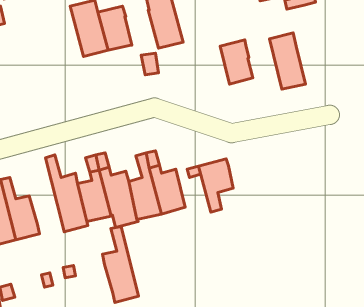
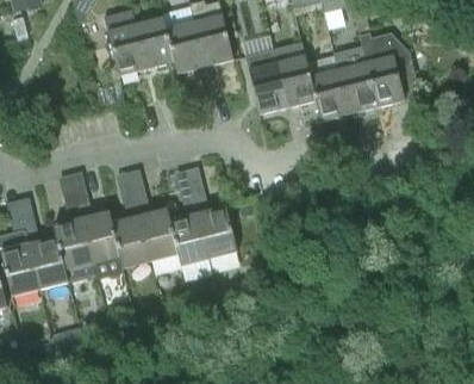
building: none -> [166,21,205,73]
building: none -> [357,33,414,107]
building: none -> [244,49,287,114]
building: none -> [306,55,348,120]
building: [199,159,233,212] -> none
building: [103,226,138,302] -> [52,193,94,281]

